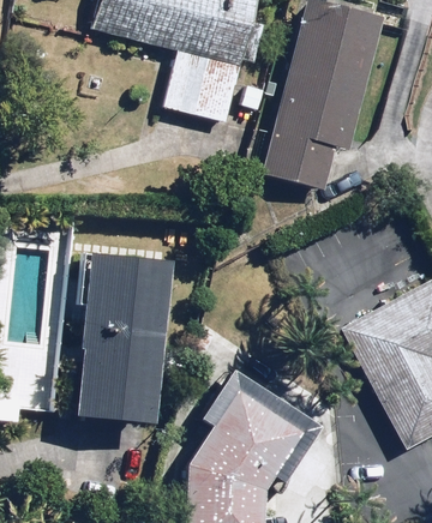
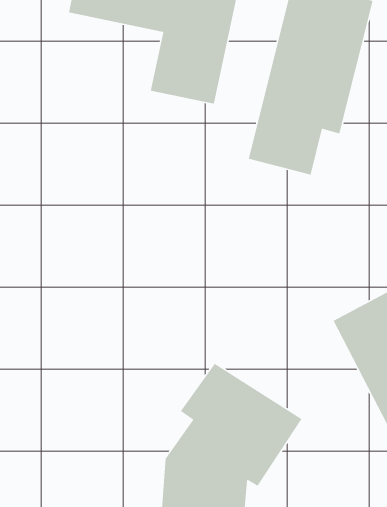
building: [73,258,163,422] -> none

